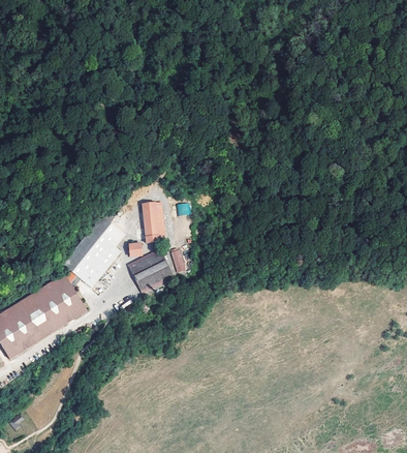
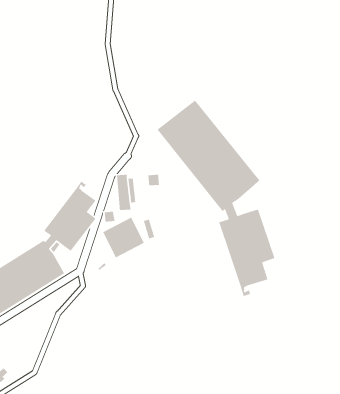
building: none -> [157,99,276,297]

